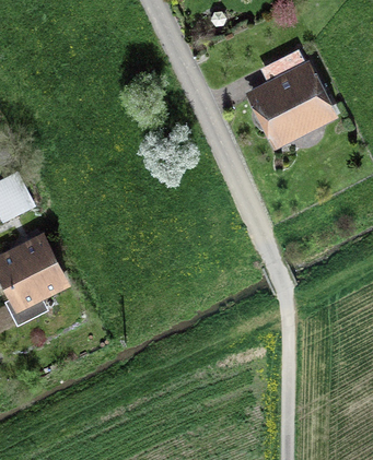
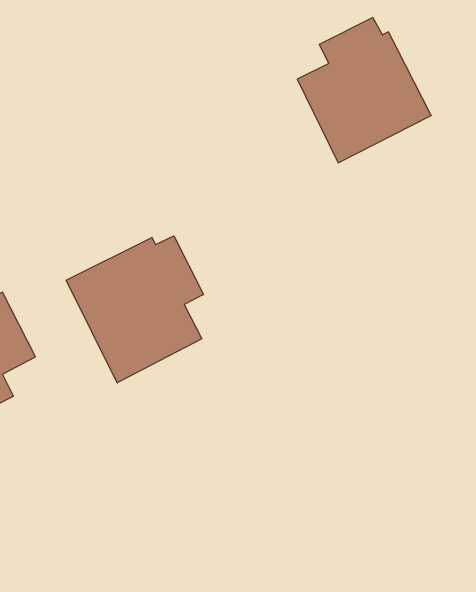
building: none -> [66,236,204,383]

